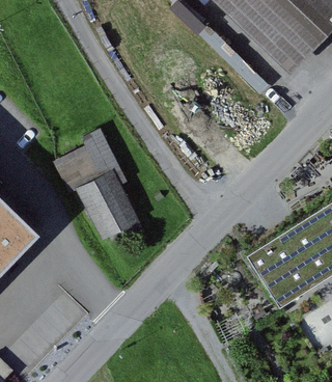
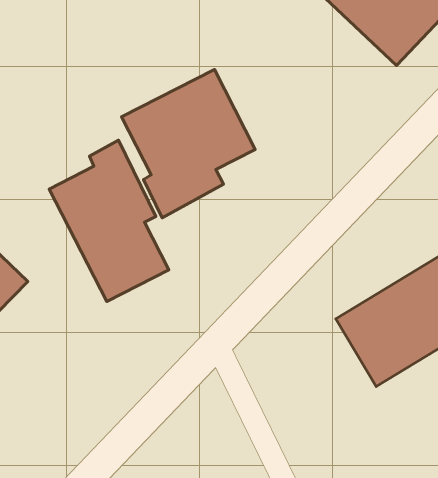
building: none -> [122,70,255,218]

